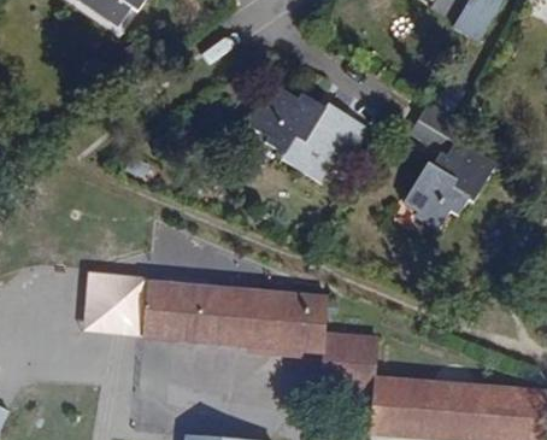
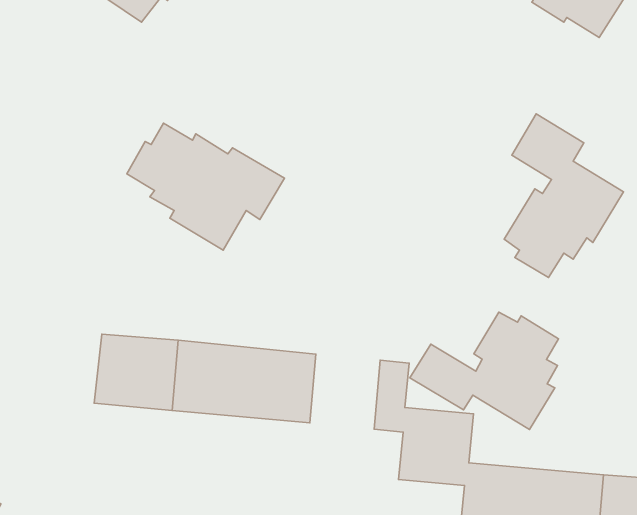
building: [247,84,371,184] -> [127,123,284,250]
building: none -> [410,312,559,430]
building: [251,291,306,350] -> none

